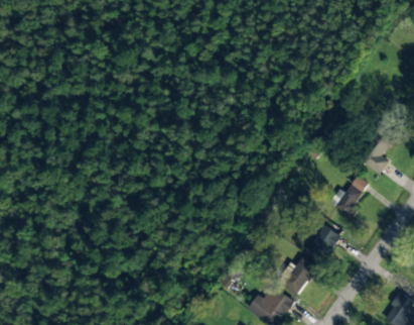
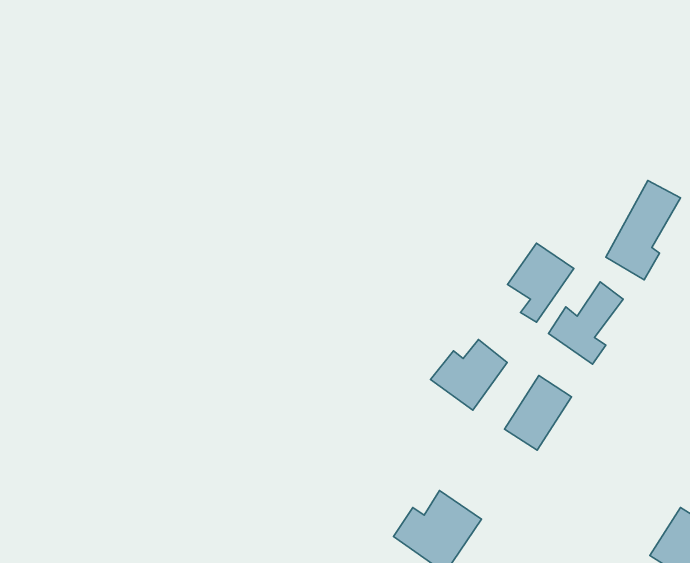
building: none -> [507,243,574,322]
building: [277,256,317,294] -> [431,339,507,410]

